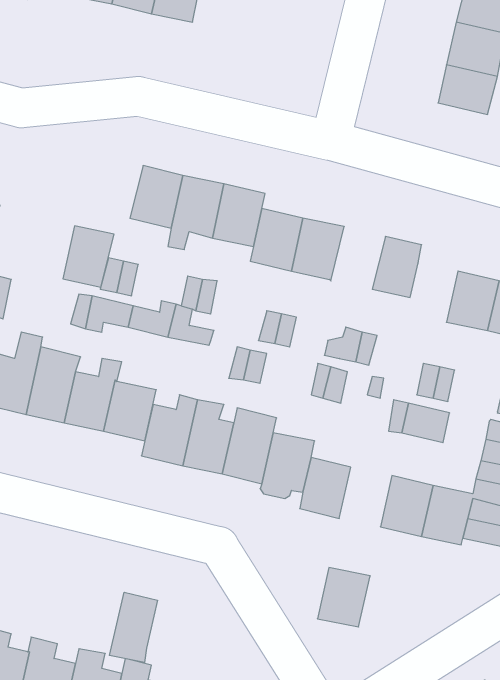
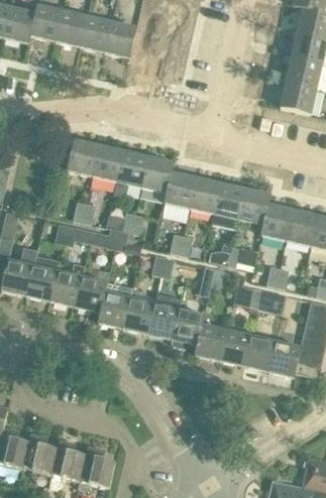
building: none -> [212,180,247,228]
building: [63,226,114,287] -> [68,139,99,176]
building: none -> [260,204,292,240]
building: [317,568,370,627] -> [219,329,251,365]
building: [109,592,157,663] -> none

